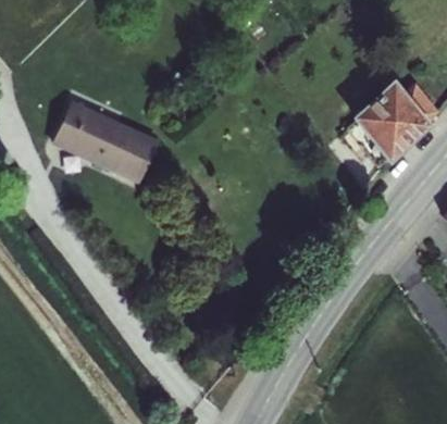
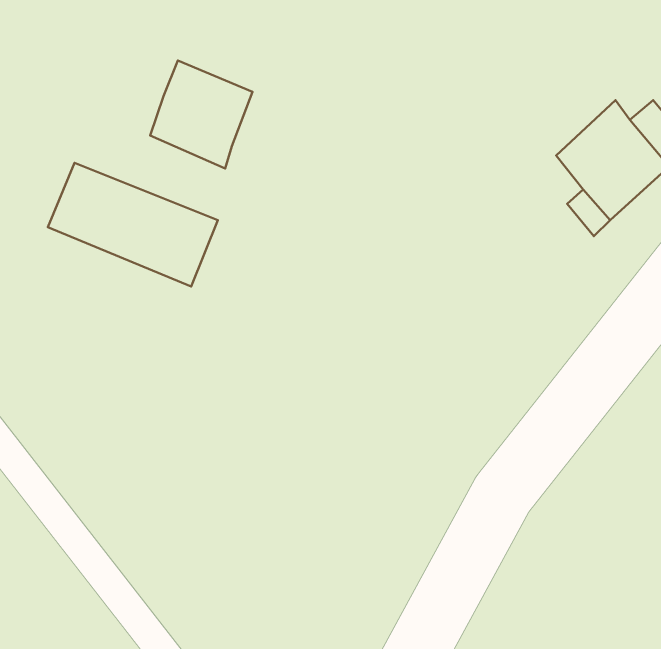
building: none -> [150,60,252,168]

